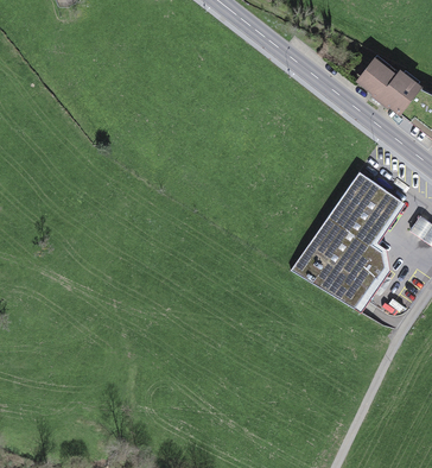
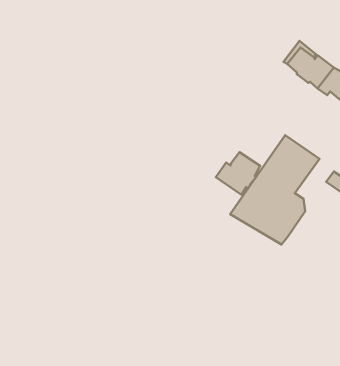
building: none -> [216,152,260,195]

